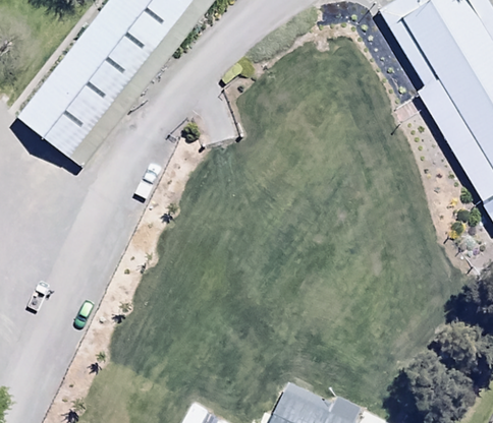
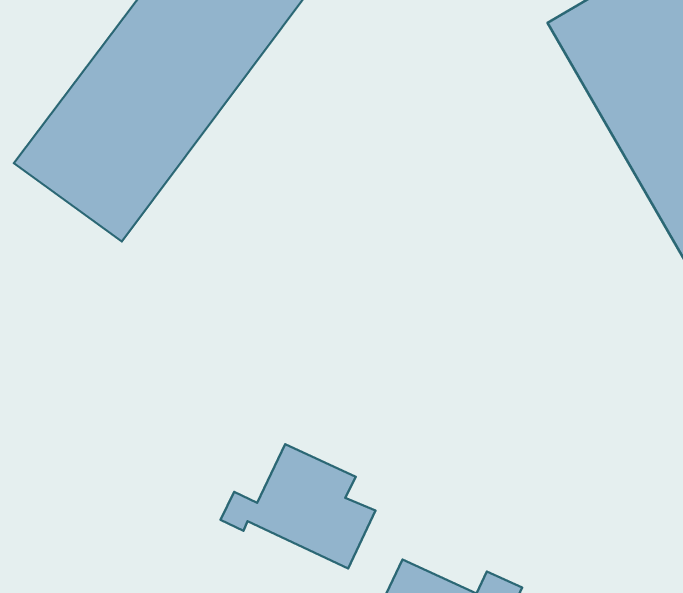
building: none -> [221,444,375,568]

